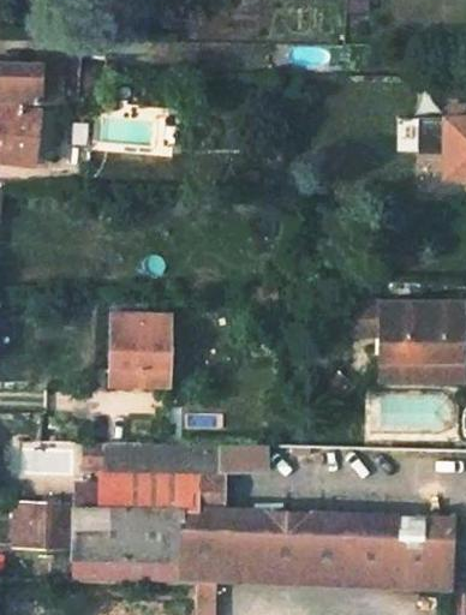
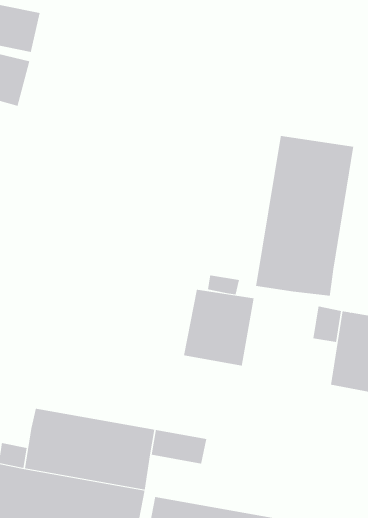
building: none -> [255,135,354,296]
building: [109,315,169,382] -> [183,289,255,366]

